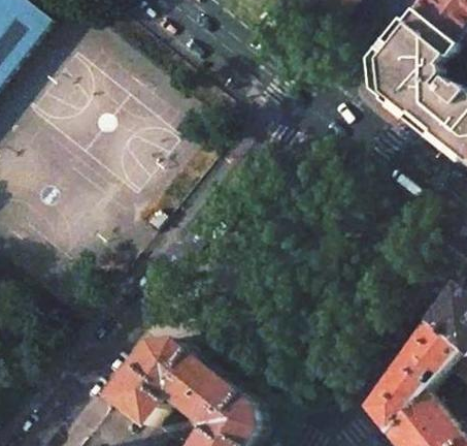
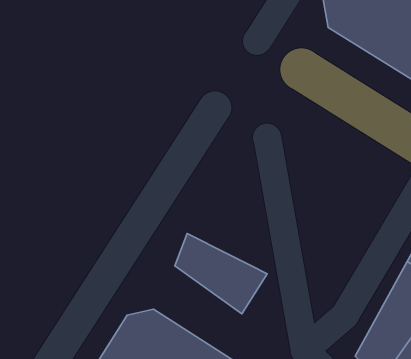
building: none -> [175,234,267,314]

